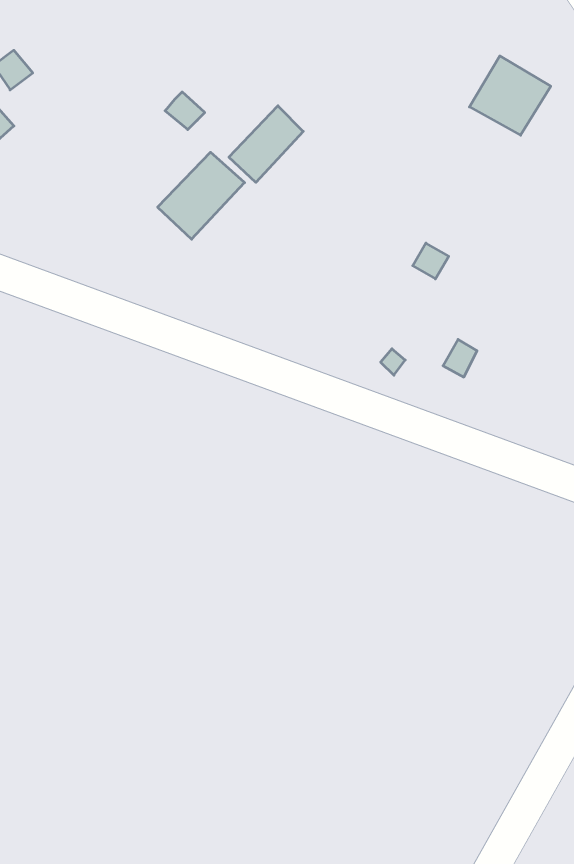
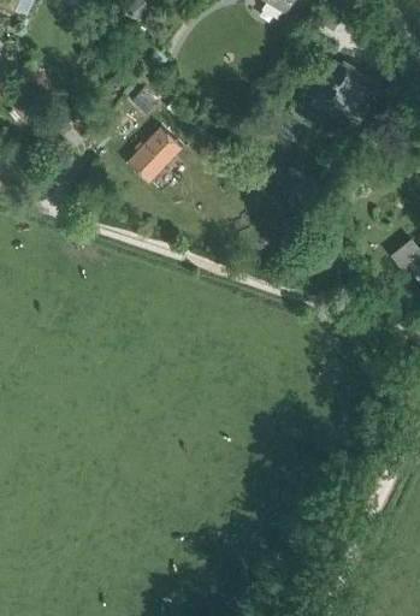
building: [229,106,303,182] -> none

